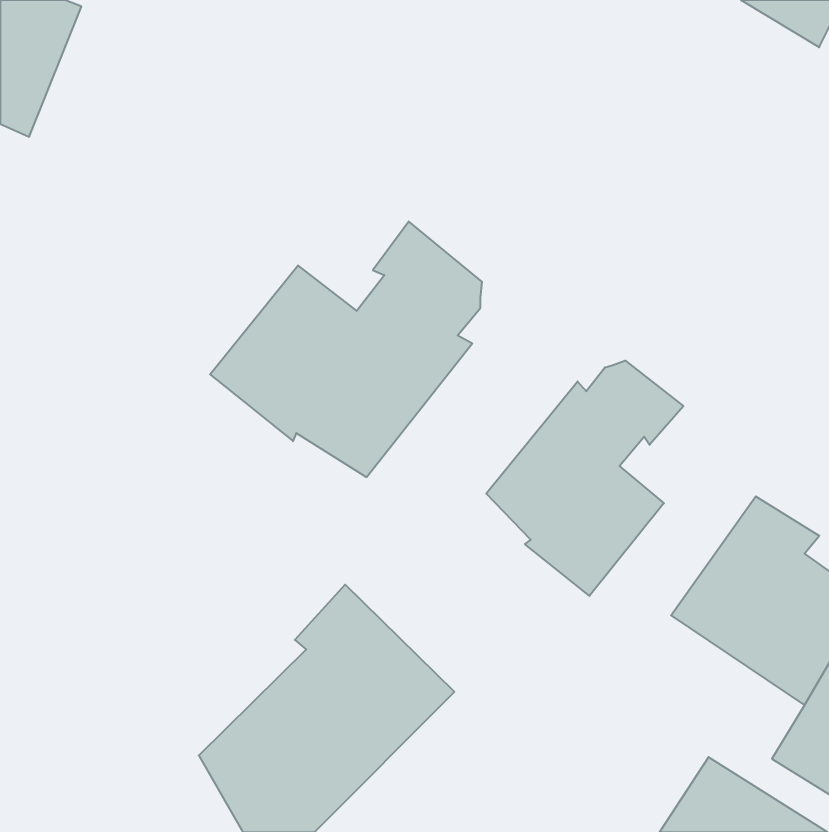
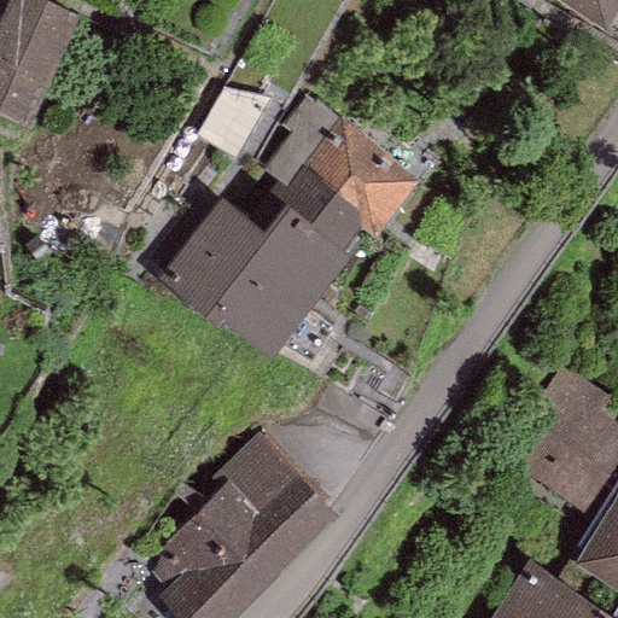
building: none -> [305,116,418,233]
building: [486,361,683,596] -> none

